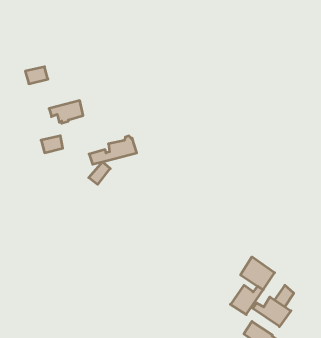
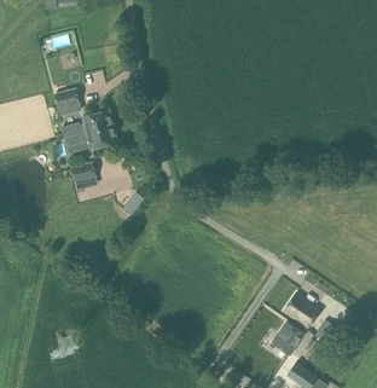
building: [89,136,137,164] -> [62,108,112,138]
building: [253,297,291,327] -> none

